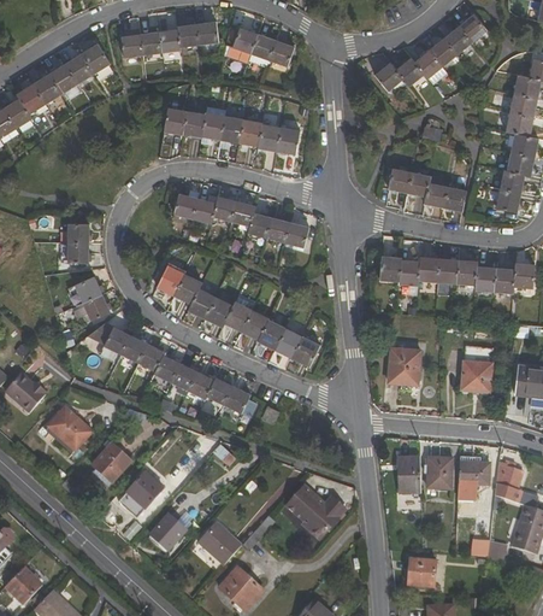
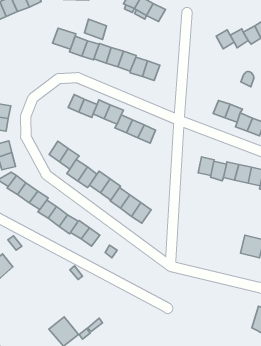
building: none -> [85,19,107,39]
building: none -> [53,28,76,49]
building: [388,347,420,385] -> none
building: [396,456,420,492] -> none
building: [426,457,451,487] -> none
building: [458,460,489,483] -> none
building: [126,473,161,509] -> none
building: [285,487,344,540] -> none
building: [149,515,185,551] -> none

